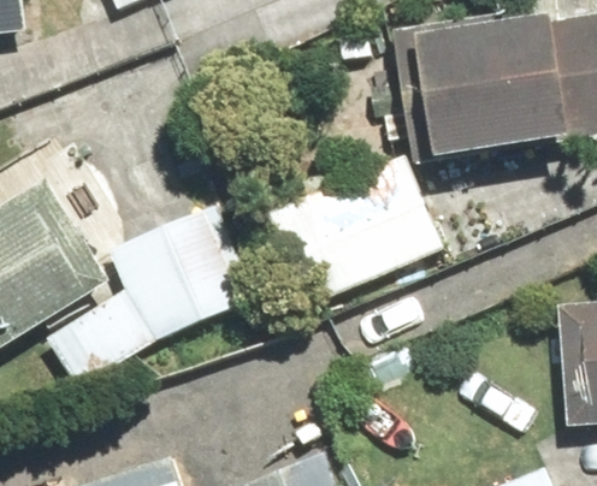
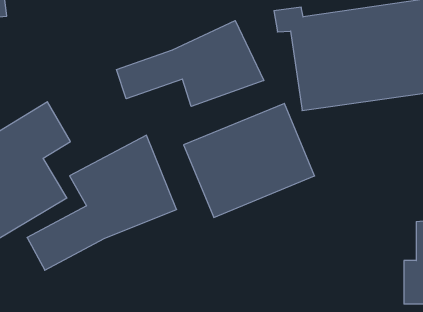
building: none -> [116,21,264,106]

